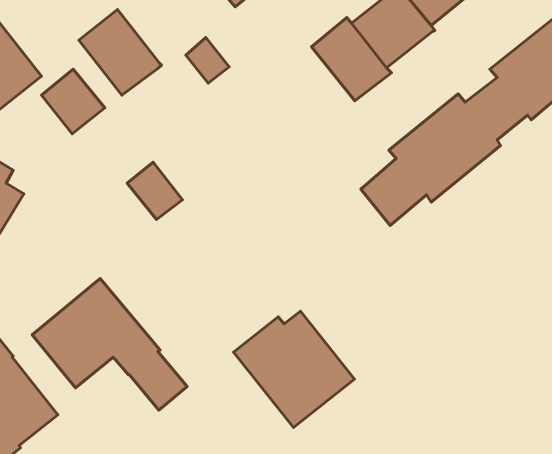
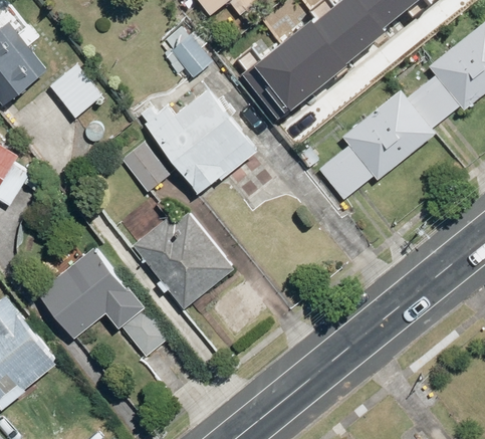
building: [79,10,162,95] -> none
building: none -> [239,46,314,124]
building: none -> [137,89,256,195]
building: [234,311,354,427] -> [134,209,237,308]

